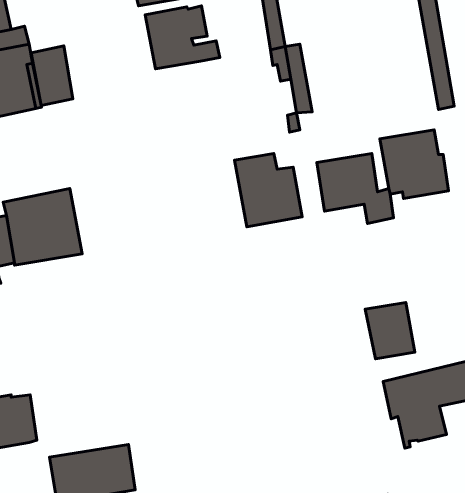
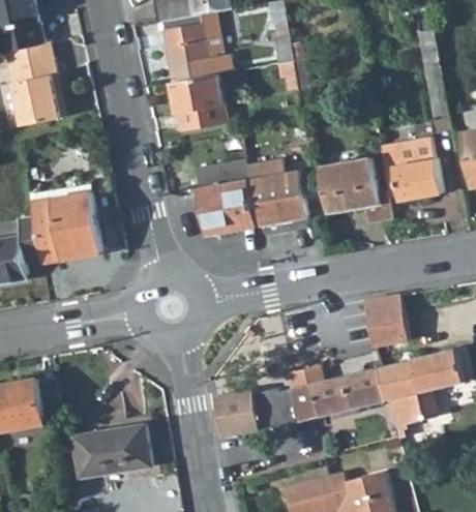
building: [31,46,73,105] -> none
building: none -> [171,73,221,129]
building: none -> [195,160,255,235]
building: none -> [214,365,387,438]

